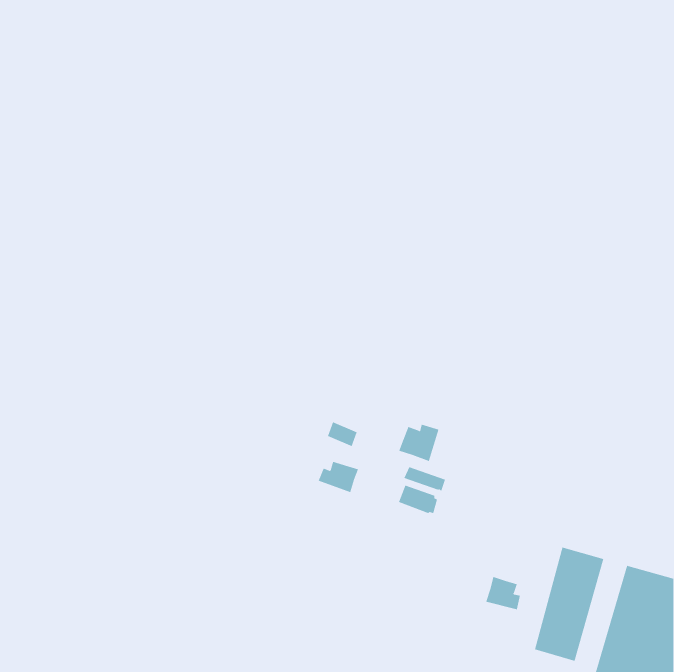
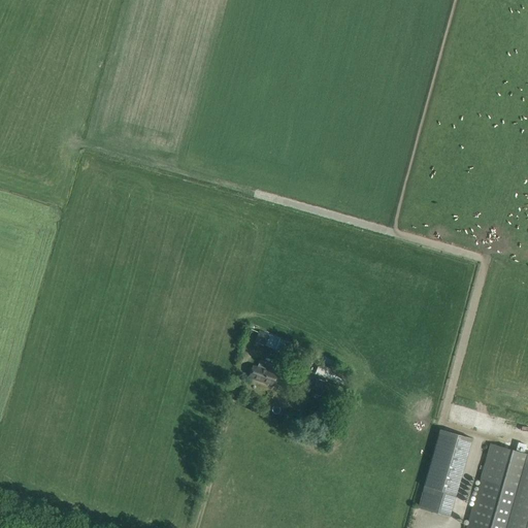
building: [398,424,439,462] -> none
building: [486,576,521,610] -> none

